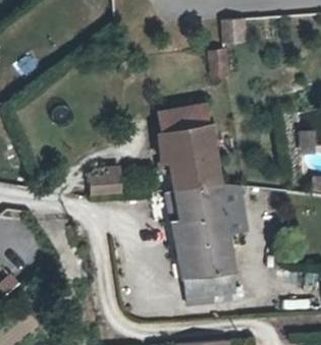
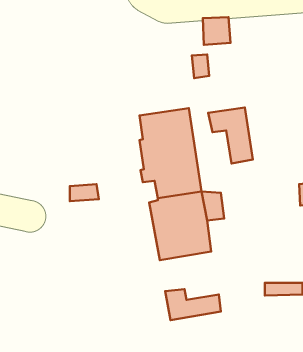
building: none -> [208,108,253,164]
building: [178,242,234,288] -> none

